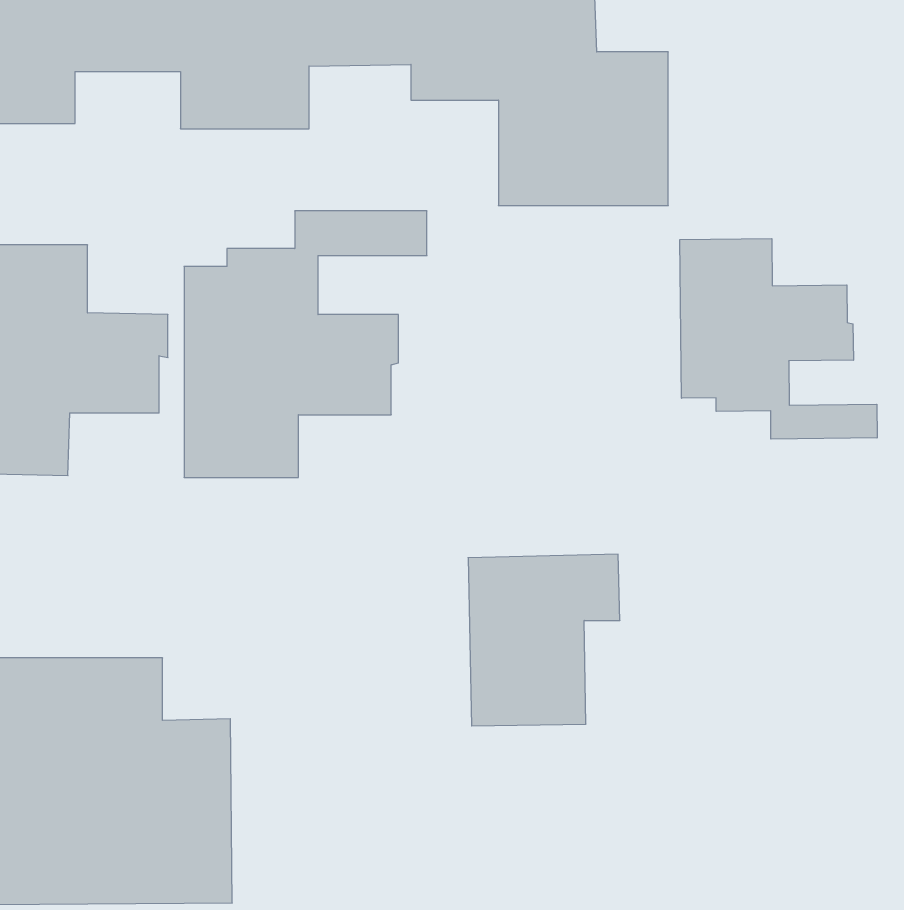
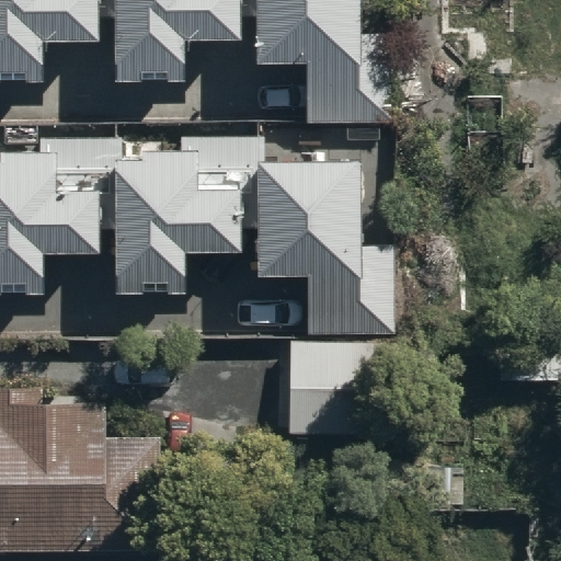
building: [680,239,877,439] -> none
building: none -> [254,160,391,319]

